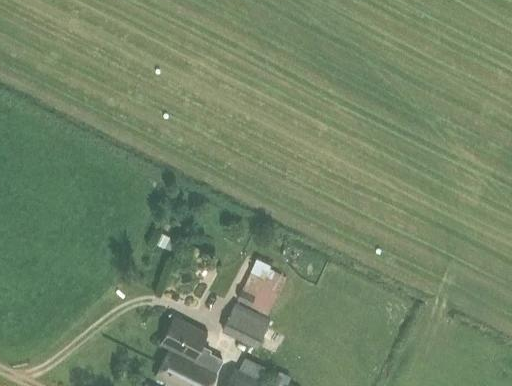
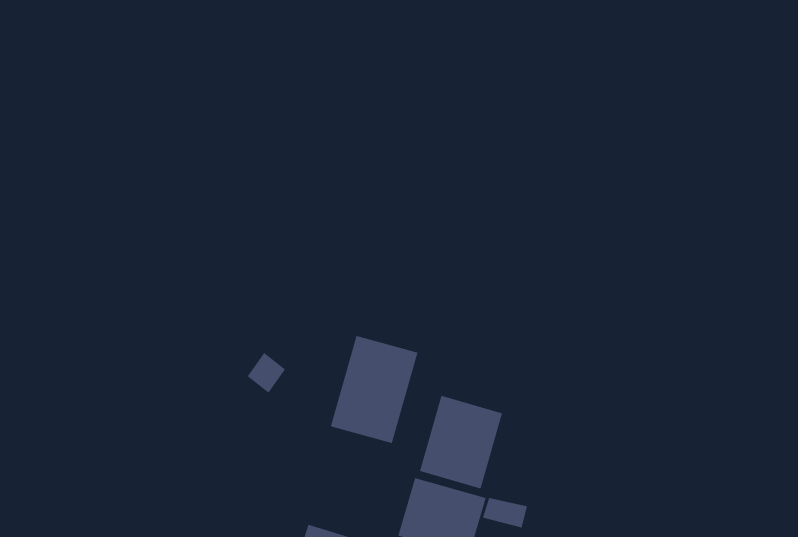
building: none -> [330,335,418,444]

